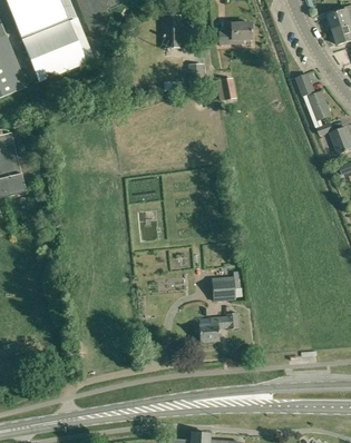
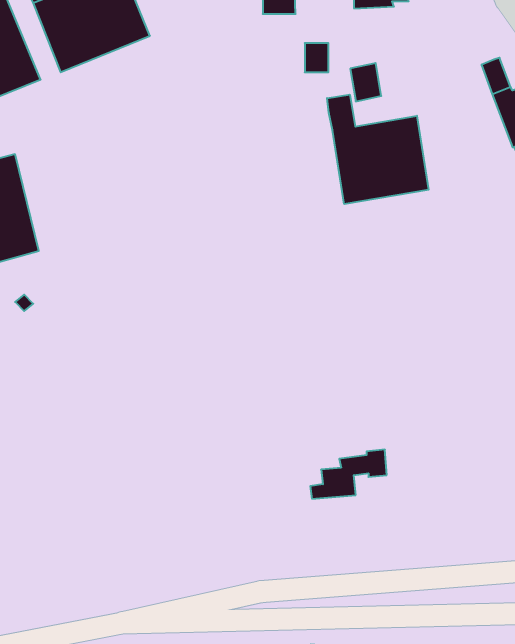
building: none -> [327,95,429,204]
building: [211,276,235,299] -> none

